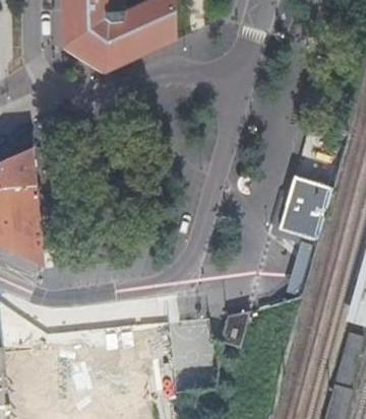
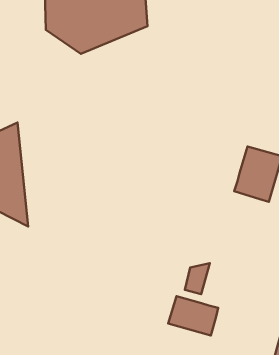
building: none -> [168,296,218,336]

